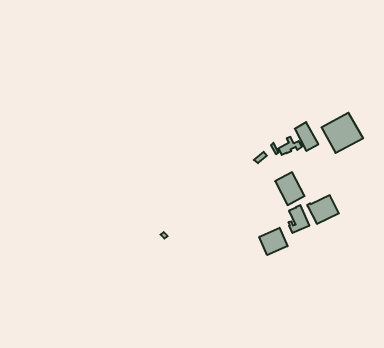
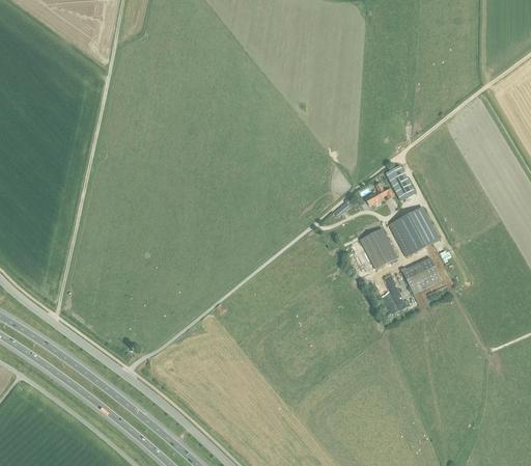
building: [321,113,363,153] -> [388,207,441,257]
building: [259,228,288,255] -> none

